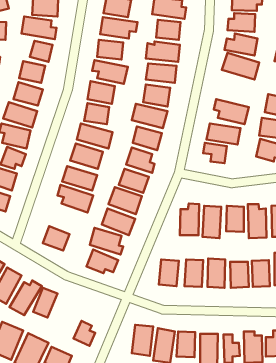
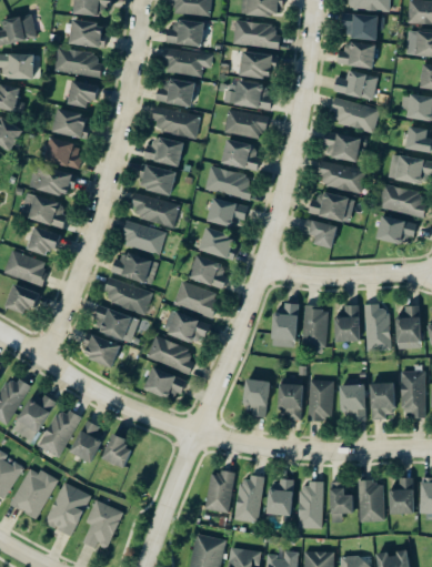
building: none -> [322,131,361,163]
building: none -> [92,306,140,343]
building: [73,321,95,346] -> [101,432,131,466]

